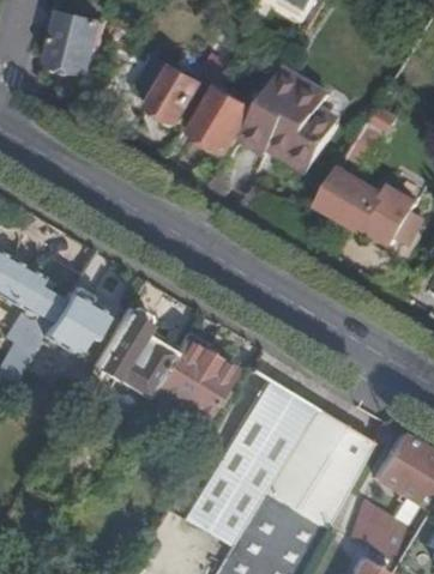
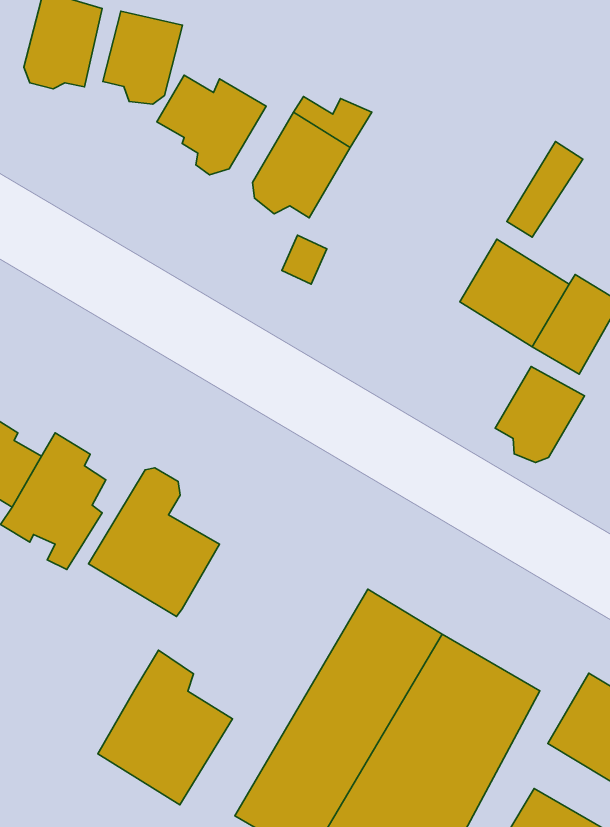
building: none -> [103,11,182,104]
building: [243,65,354,164] -> none
building: none -> [495,366,585,463]
building: [152,328,235,423] -> [98,650,233,805]

